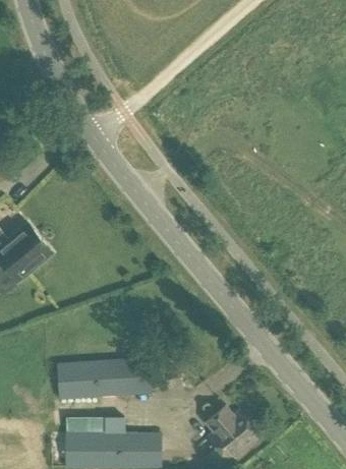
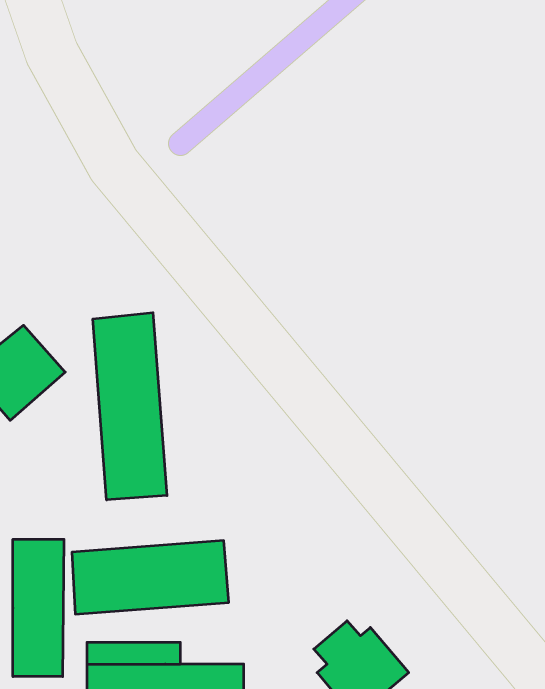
building: none -> [93,313,167,500]
building: none -> [13,539,64,677]

